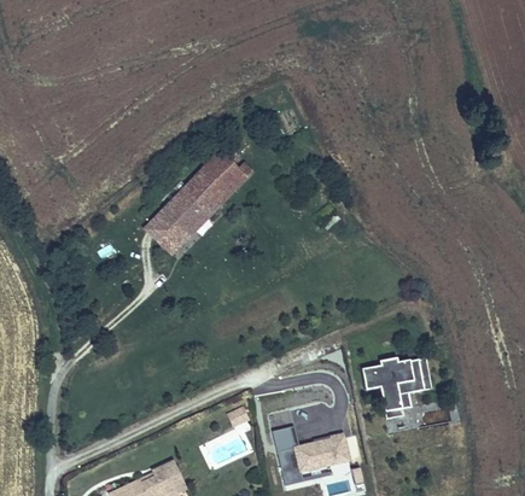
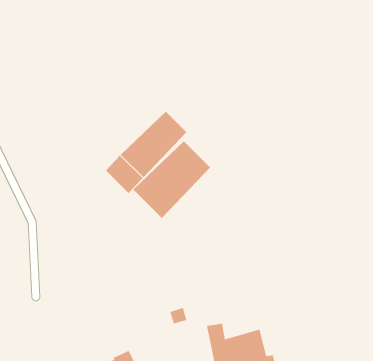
building: none -> [133,141,211,219]
building: [362,357,426,420] -> none

